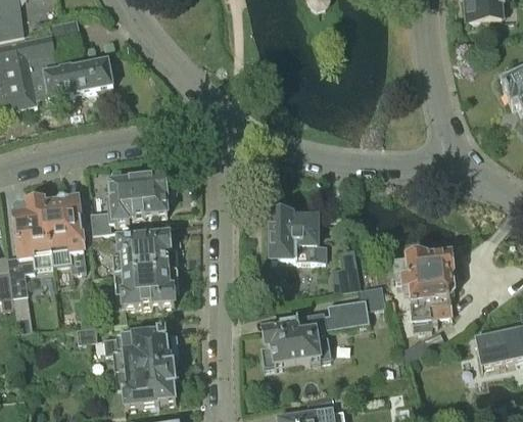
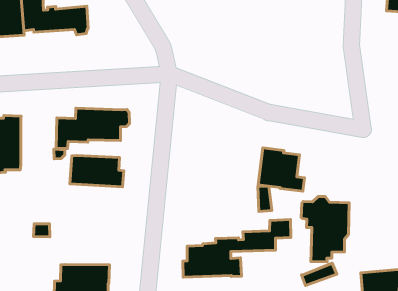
building: [45,195,85,264] -> none
building: [271,213,325,259] -> [258,148,304,191]
building: [104,268,179,323] -> none
building: [103,329,179,369] -> none

